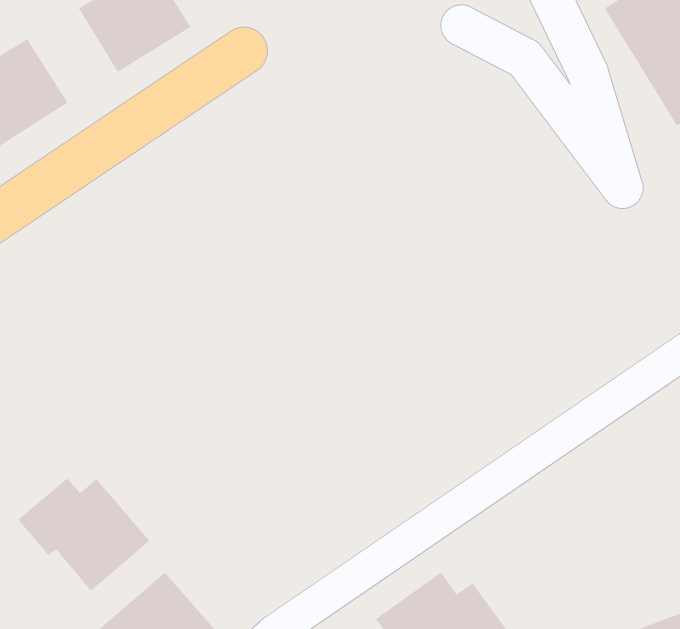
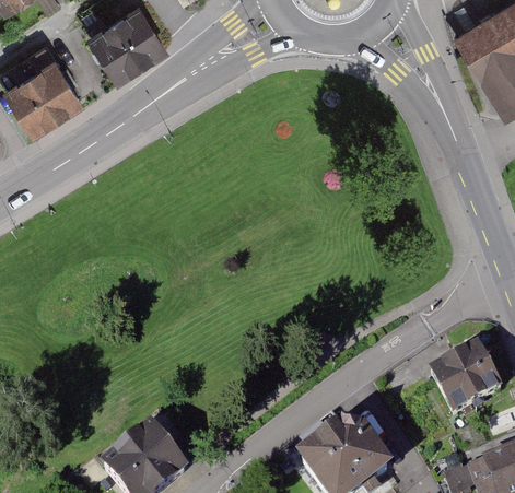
building: none -> [431,344,501,411]
building: [17,478,151,592] -> none

